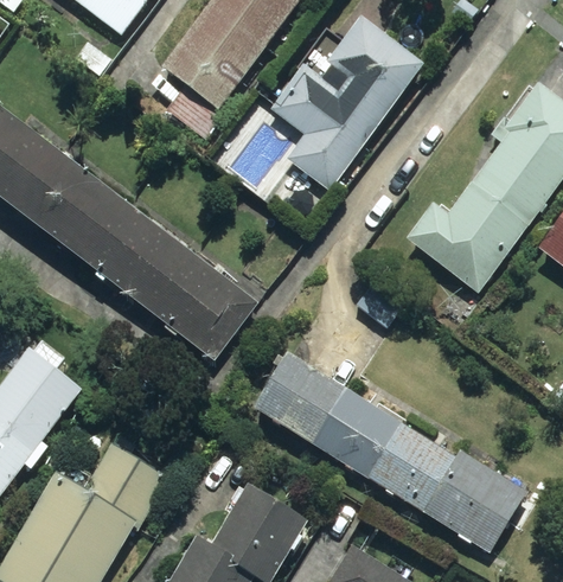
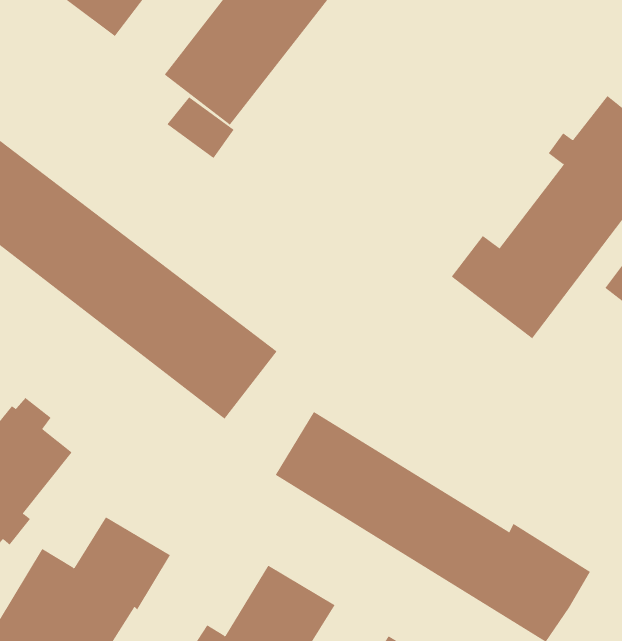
building: [271,18,424,191] -> none

